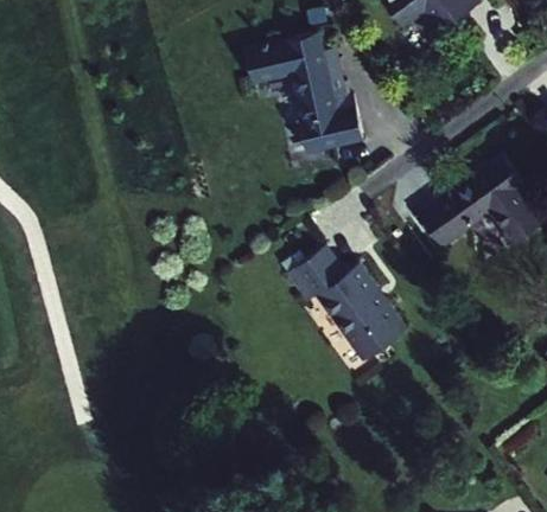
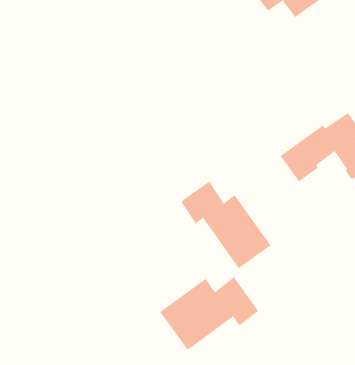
building: [244,32,364,153] -> none
building: none -> [159,276,259,351]

